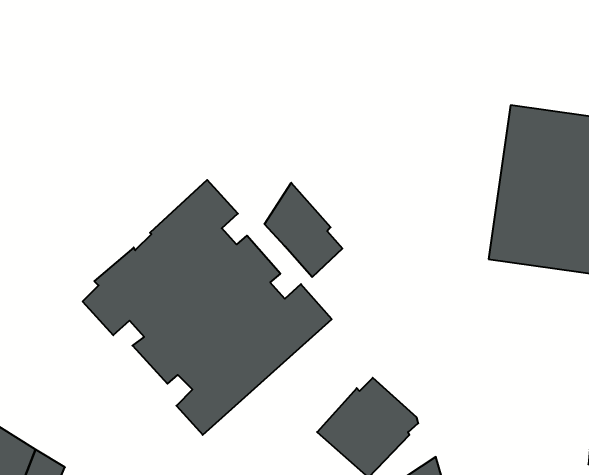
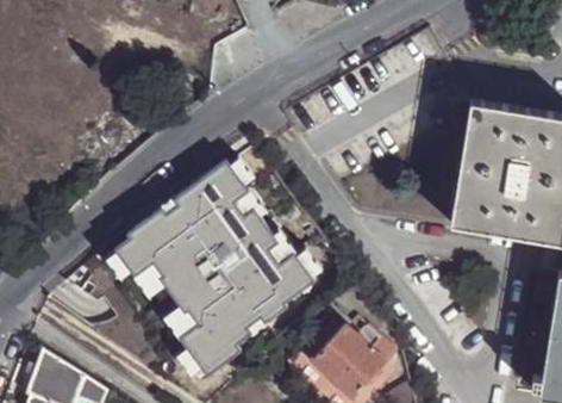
building: [265,183,342,277] -> none

